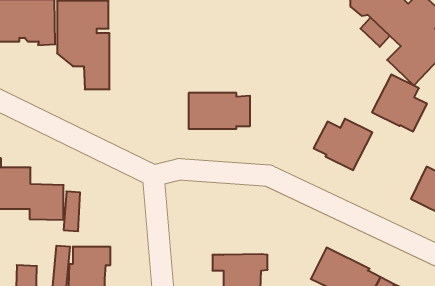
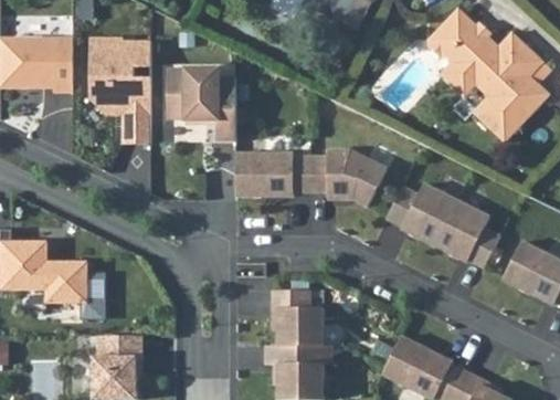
building: none -> [169,72,225,146]
building: [372,74,427,131] -> [434,199,500,267]
building: none -> [310,148,388,206]
building: none -> [273,290,324,346]

